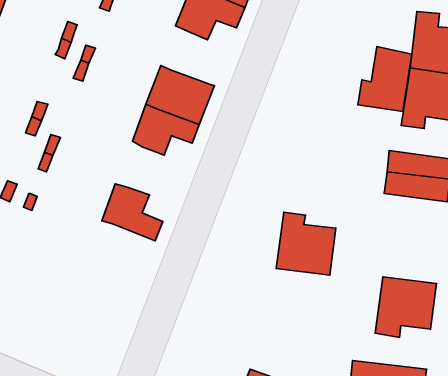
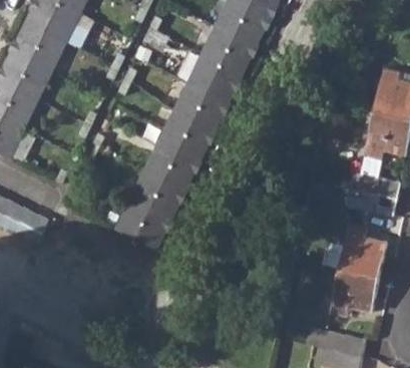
building: none -> [183,61,244,110]
building: [358,46,412,112] -> none
building: none -> [140,145,201,210]
building: [276,212,336,275] -> [336,226,384,277]
building: none -> [113,205,166,252]

